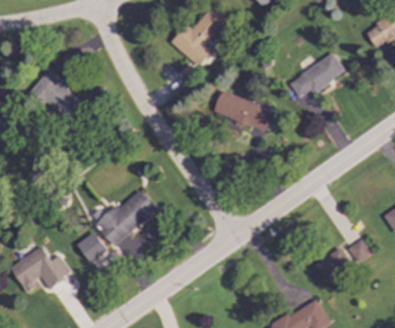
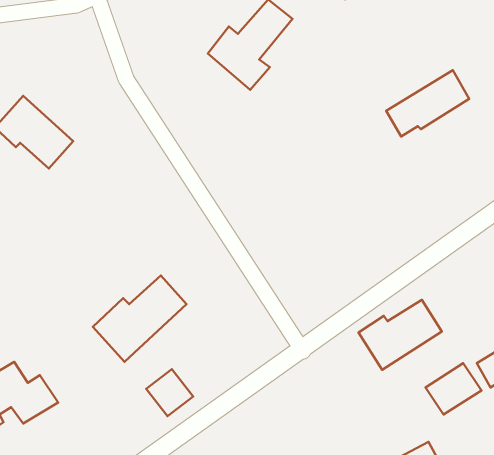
building: [213,92,273,131] -> none
building: none -> [358,300,442,370]
building: [77,232,108,263] -> [146,369,193,416]

